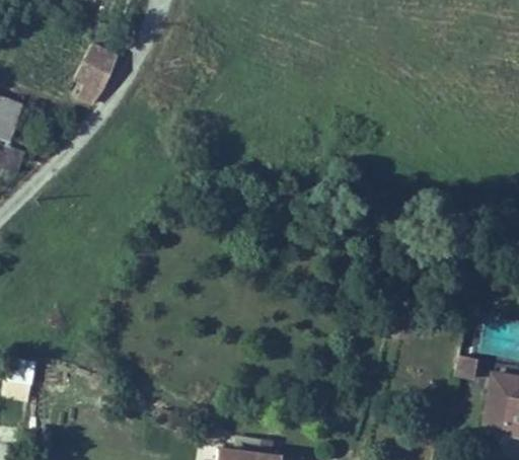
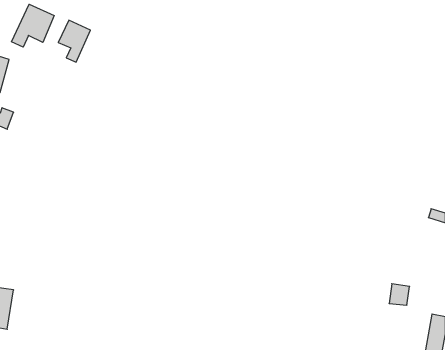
building: none -> [12,4,54,47]

